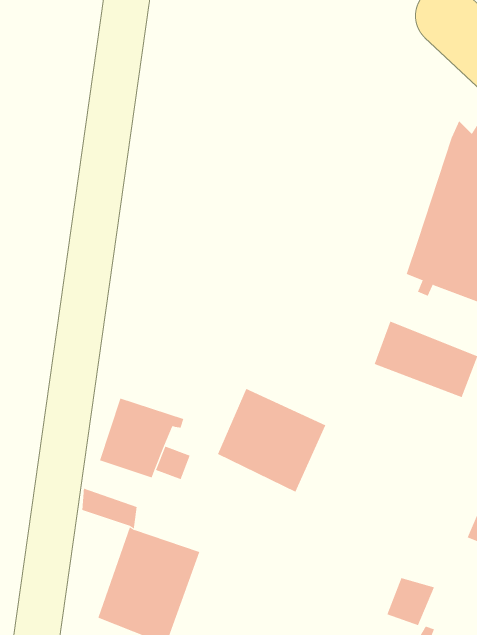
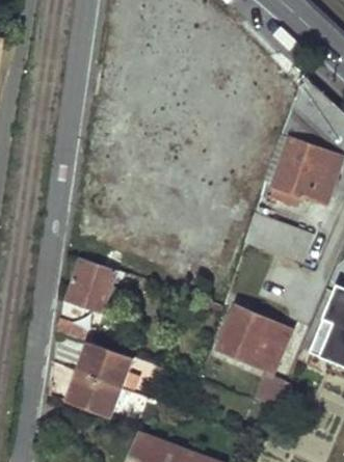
building: [217,388,326,493] -> [220,307,291,375]

